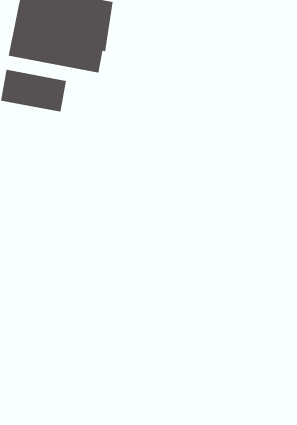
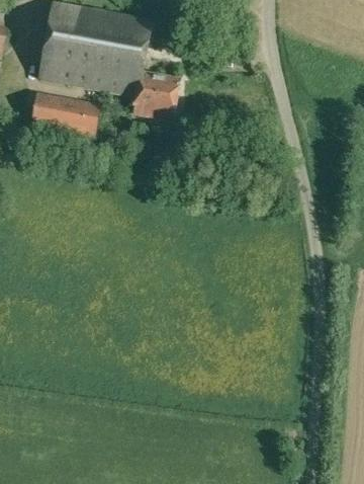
building: none -> [131,73,178,119]

